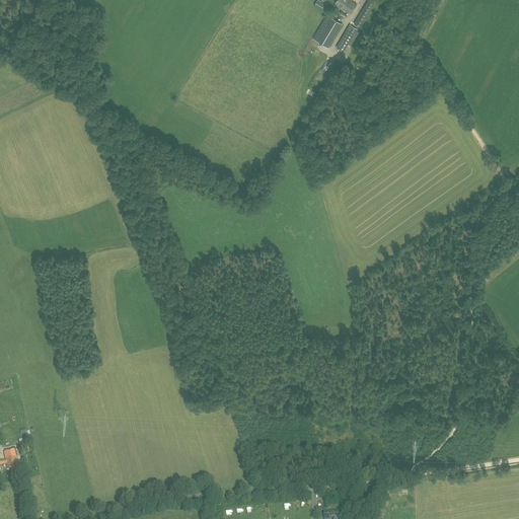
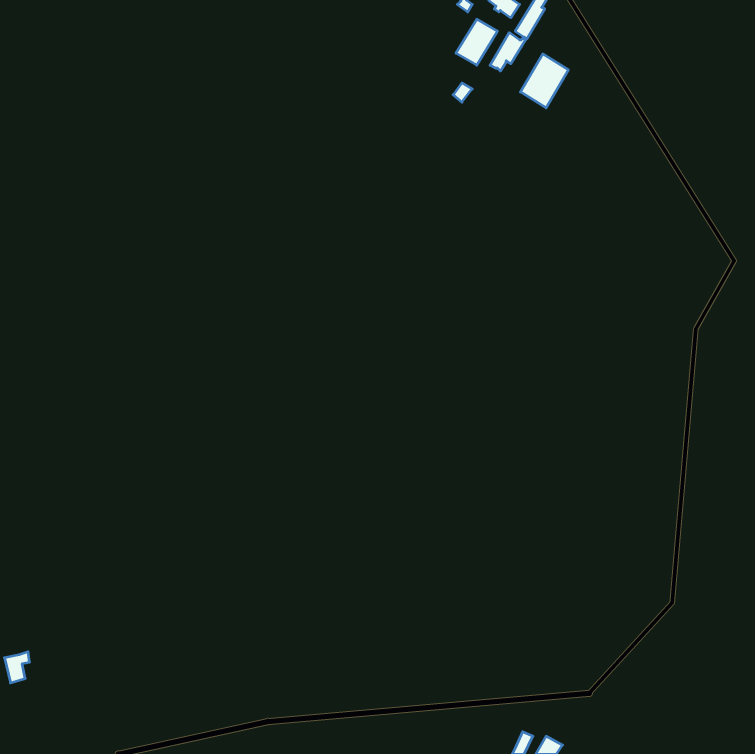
building: none -> [520,54,568,108]

